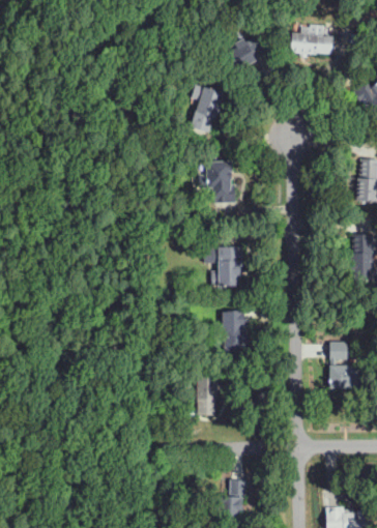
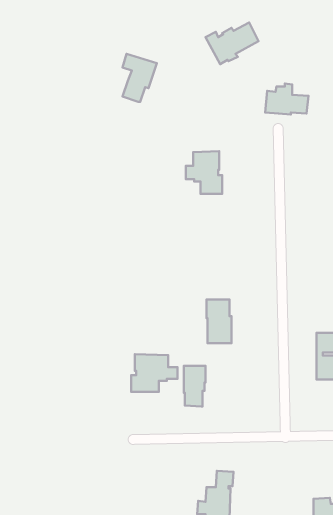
building: [290,24,334,55] -> [265,84,309,115]
building: [191,84,225,131] -> [123,54,157,102]
building: [204,246,242,286] -> none
building: none -> [131,354,177,392]

